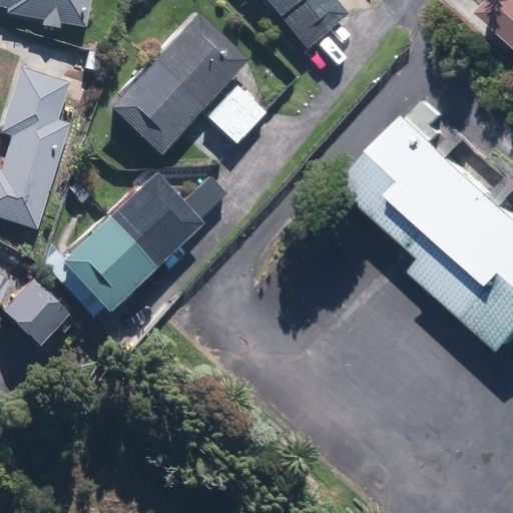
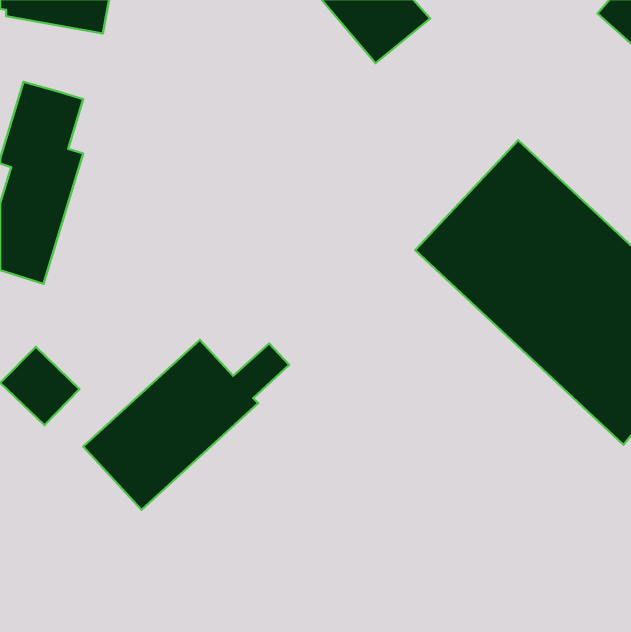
building: [109,11,264,153] -> none
building: [60,173,226,311] -> [83,340,289,510]

